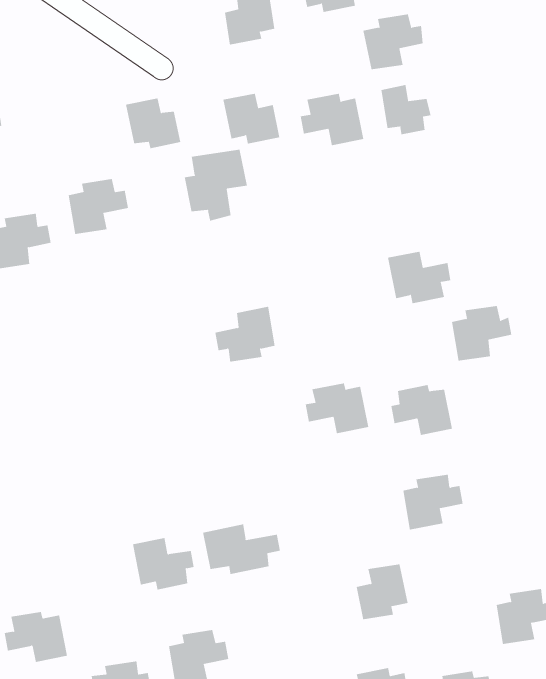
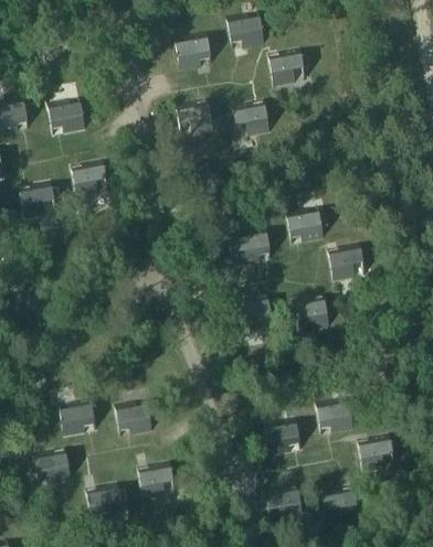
building: [381,84,431,135] -> none
building: [125,98,181,149] -> [47,99,85,133]
building: [184,149,247,222] -> none
building: [215,306,276,362] -> [230,228,271,266]
building: [402,474,463,530] -> [317,398,358,436]
building: [203,523,280,575] -> none
building: none -> [61,398,96,437]

